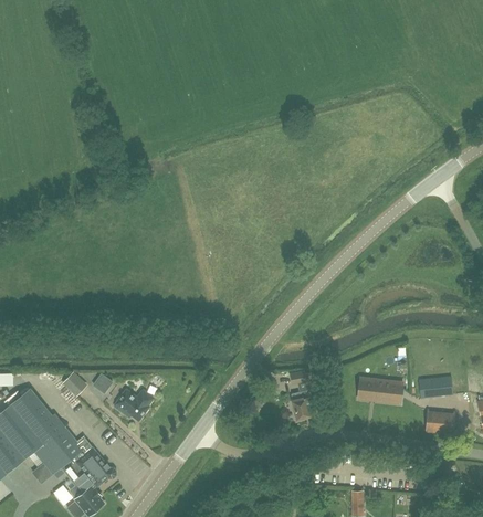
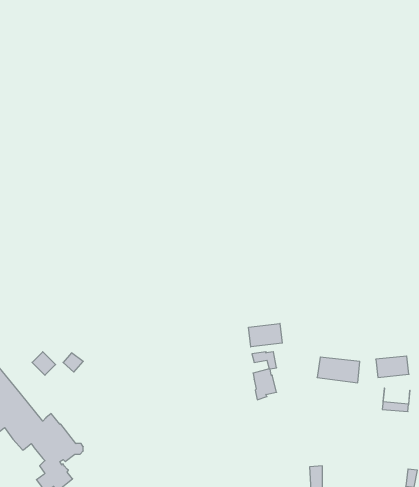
building: none -> [249,323,282,347]
building: [113,388,154,420] -> none

